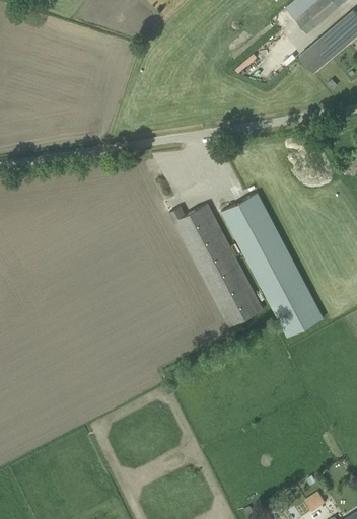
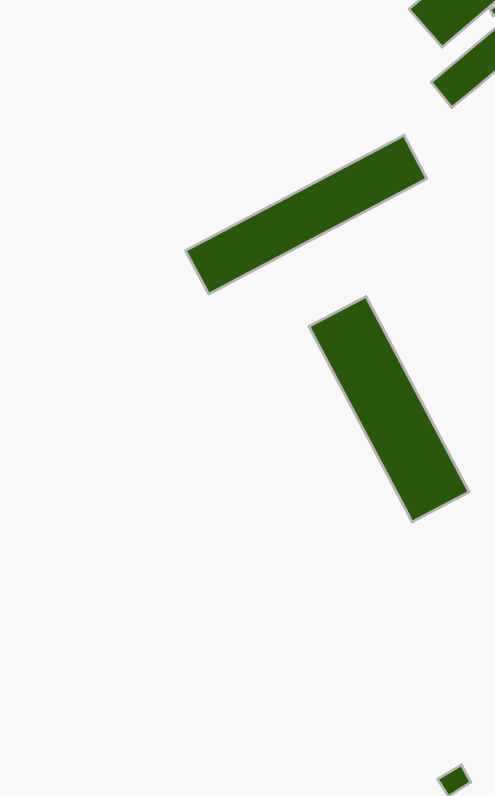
building: none -> [186,135,427,294]
building: [169,204,263,326] -> none

